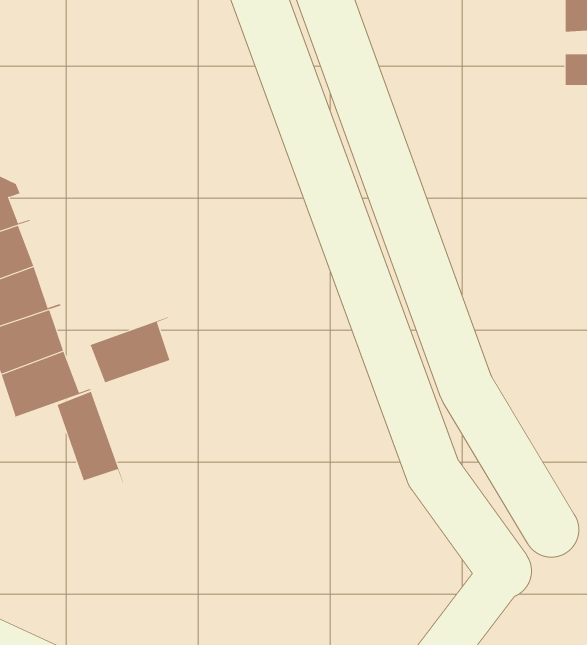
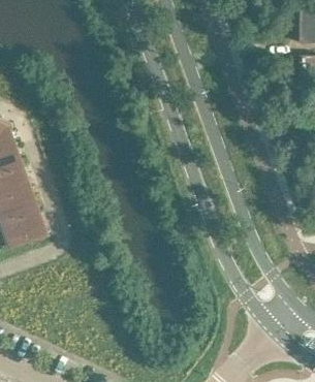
building: [89,317,170,383] -> none
building: [57,390,124,484] -> none

